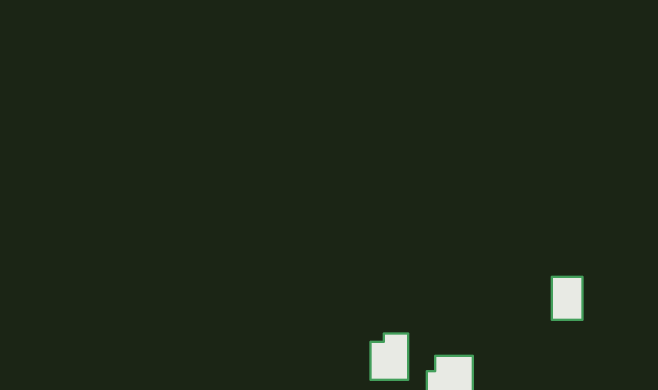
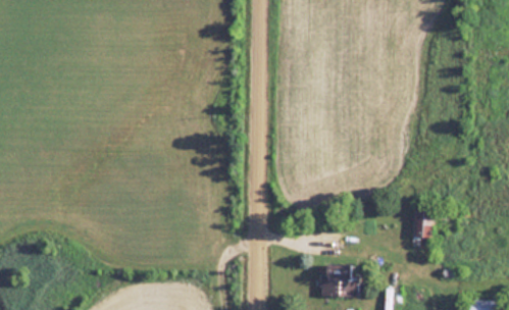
building: [371,334,408,380] -> none

